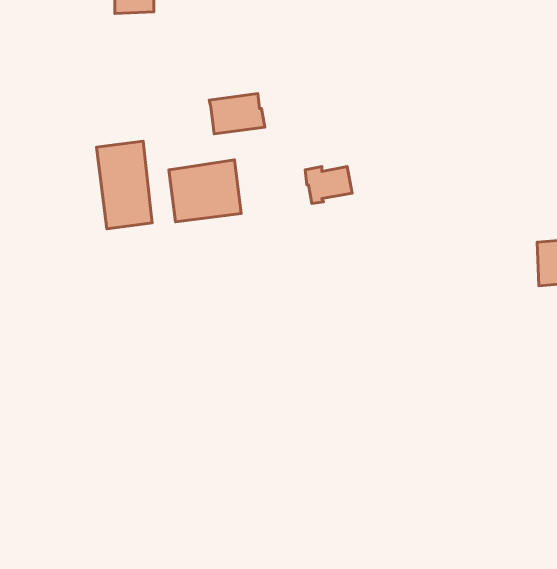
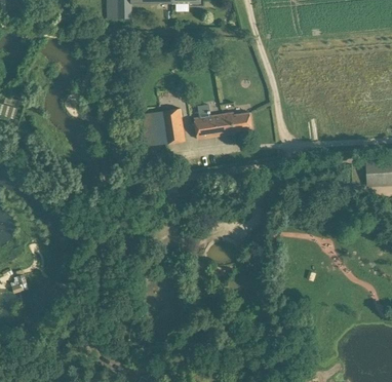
building: [209,93,265,134] -> [193,114,227,139]
building: [96,141,152,229] -> none

